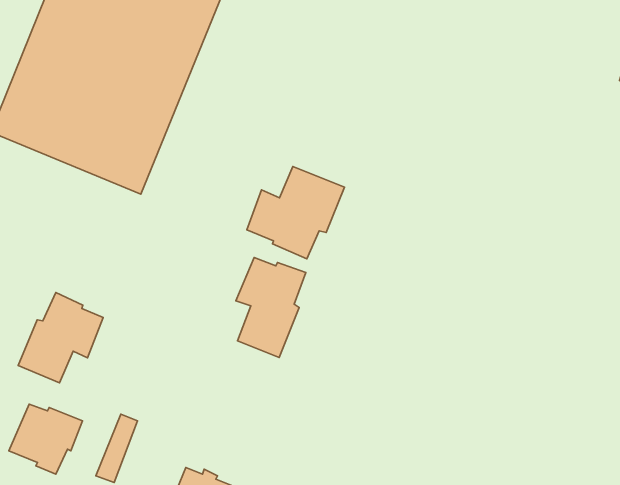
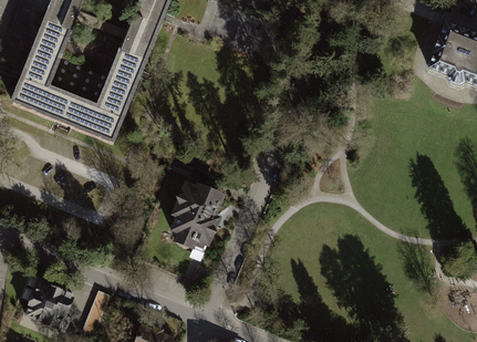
building: [247,167,344,259] -> none
building: [18,293,103,383] -> none

